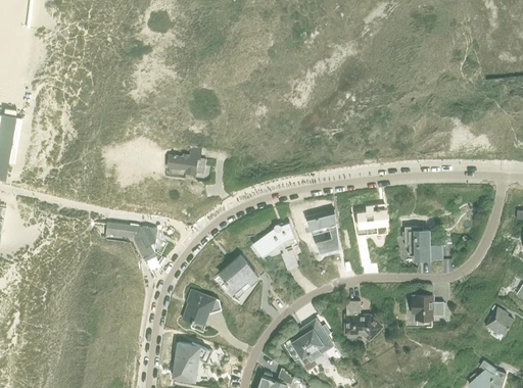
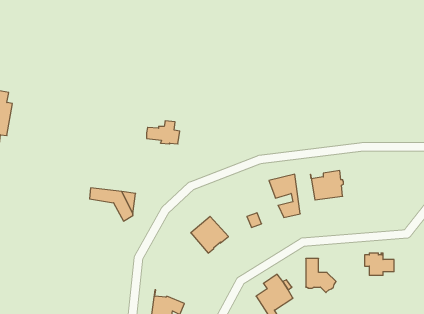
building: [251,223,296,256] -> none
building: [403,226,441,260] -> none
building: [182,290,221,332] -> none

